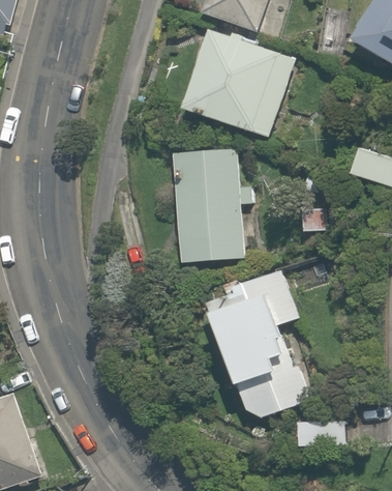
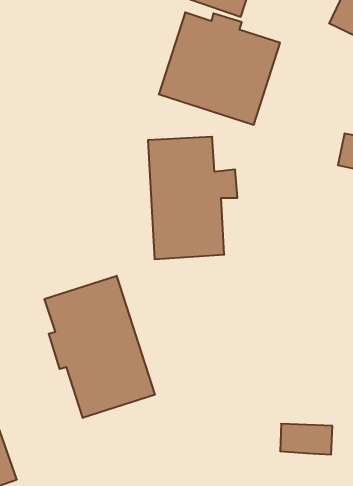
building: [203,266,319,422] -> none
building: none -> [45,276,155,418]

